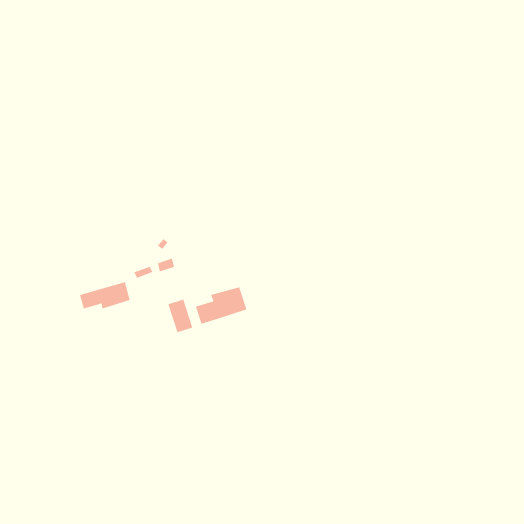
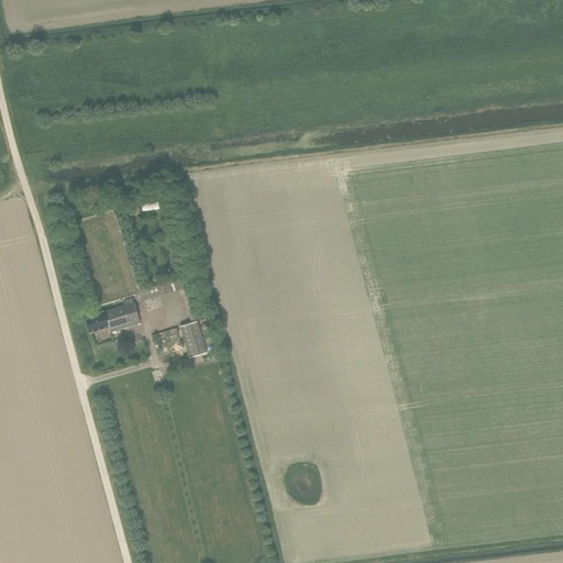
building: [195,286,247,325] -> none

